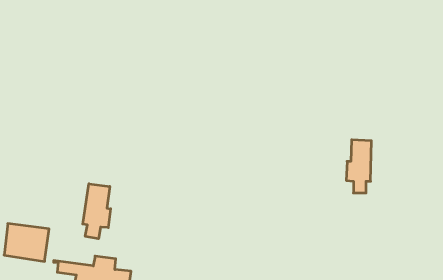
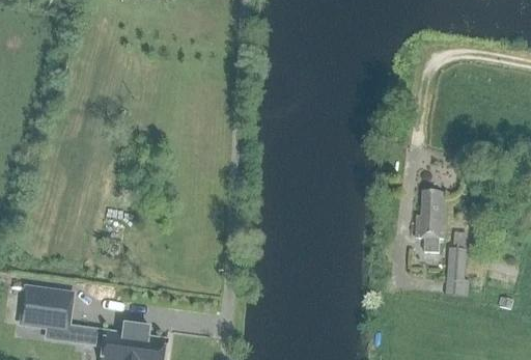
building: none -> [445,229,468,295]
building: [83,184,111,239] -> none

